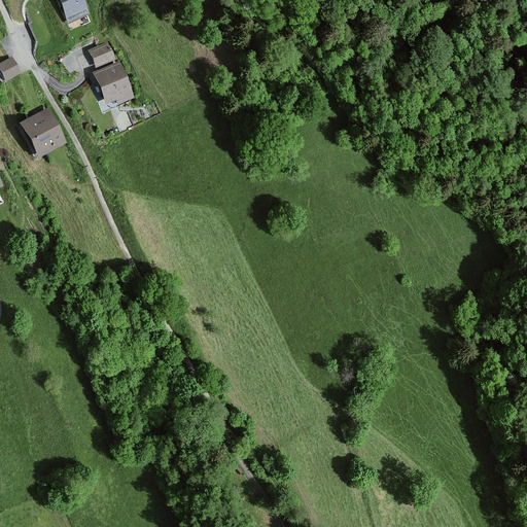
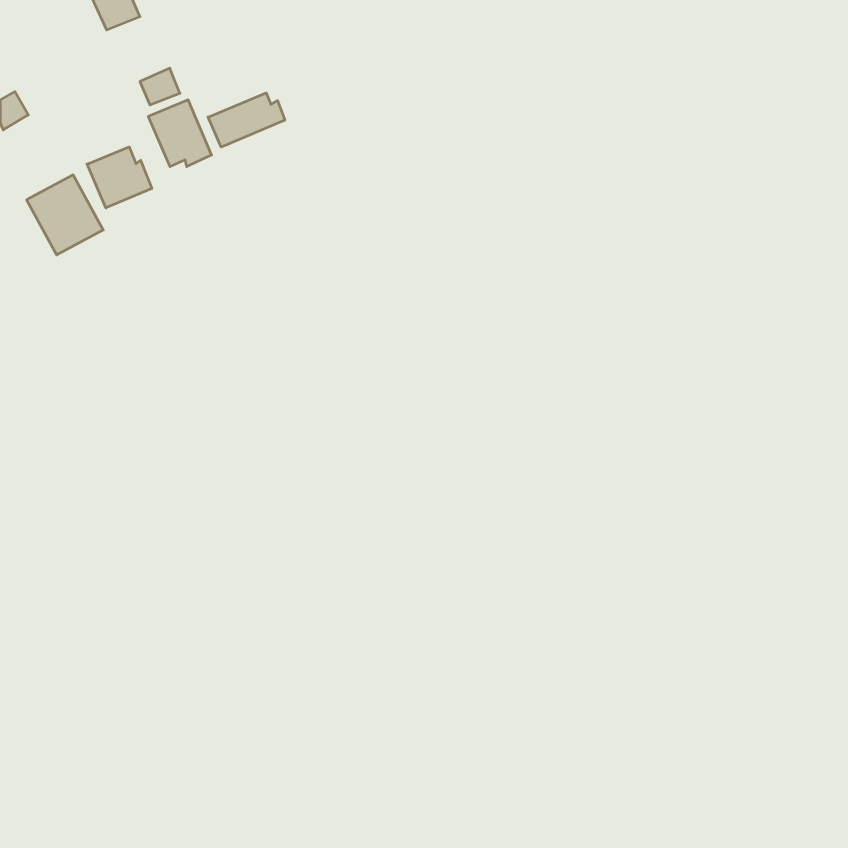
building: none -> [208,93,285,147]
building: none -> [87,147,152,208]

